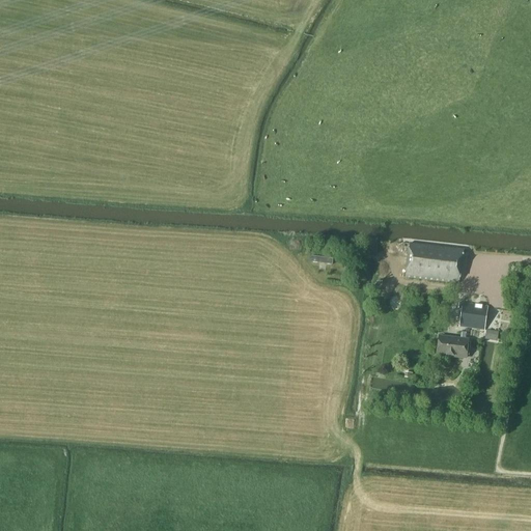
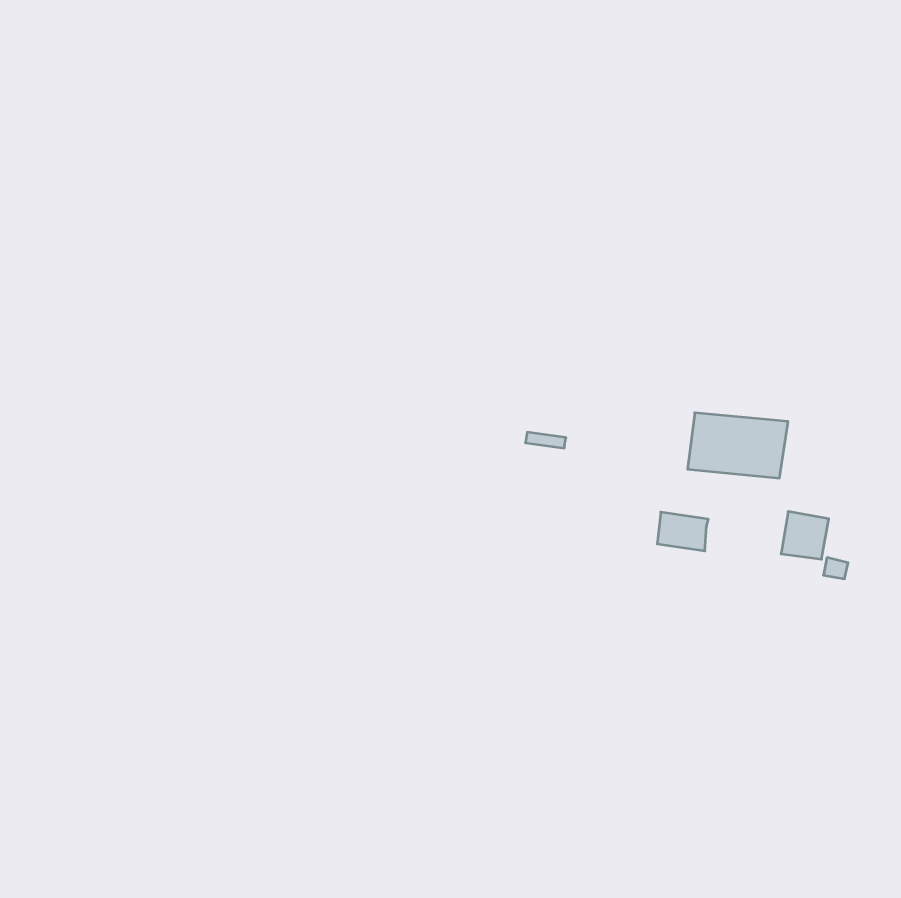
building: [438,335,468,358] -> [657,512,708,551]

